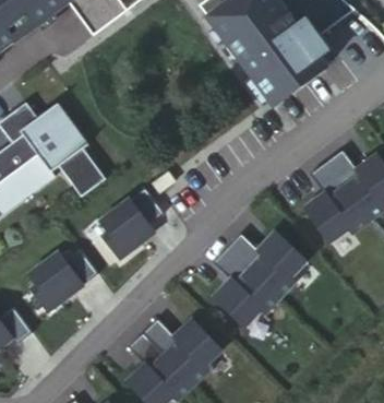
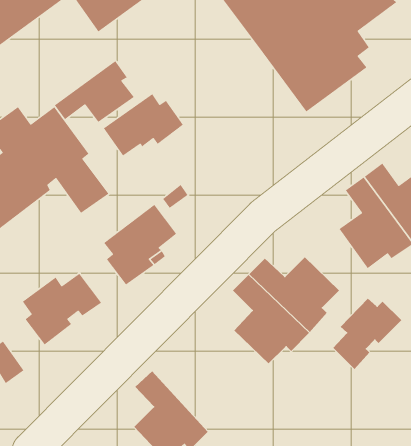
building: none -> [54,60,135,123]
building: none -> [103,93,184,156]
building: none -> [332,298,402,370]
building: [142,319,220,386] -> none

